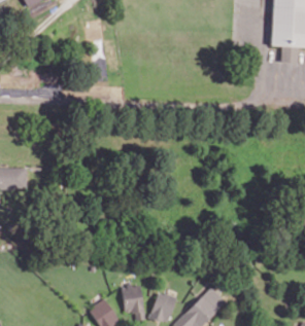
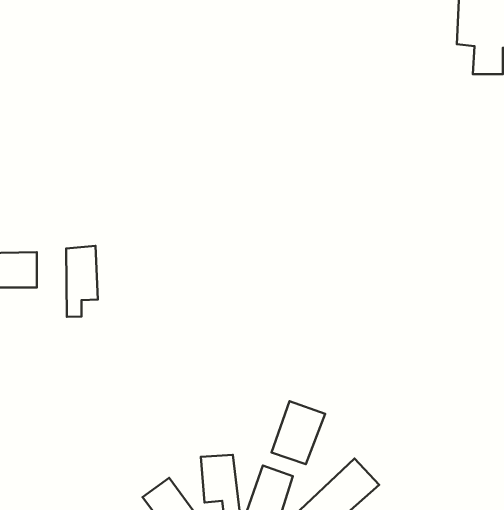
building: none -> [66,246,98,317]
building: none -> [272,401,325,464]

